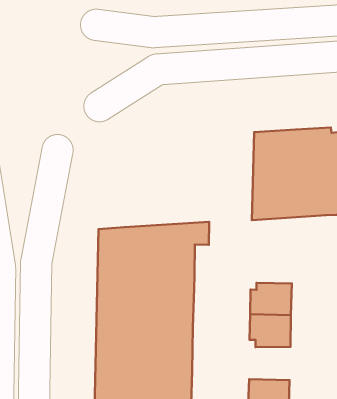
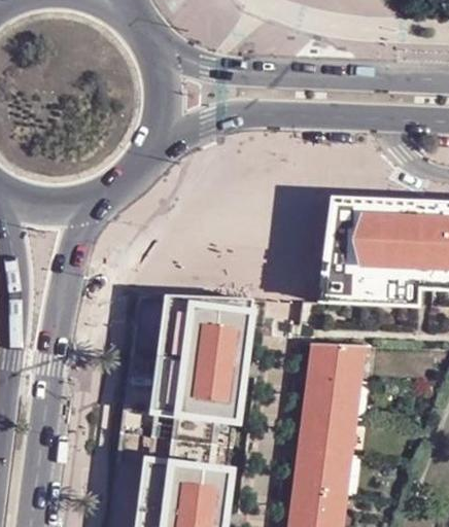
building: none -> [312,346,364,384]
building: none -> [298,454,350,497]

